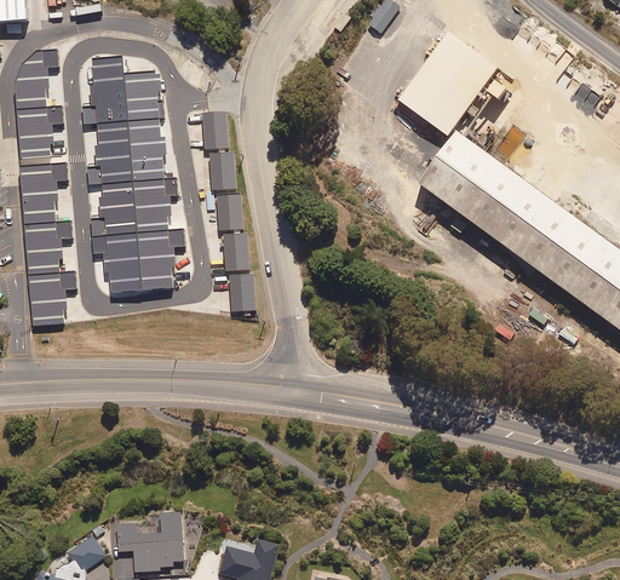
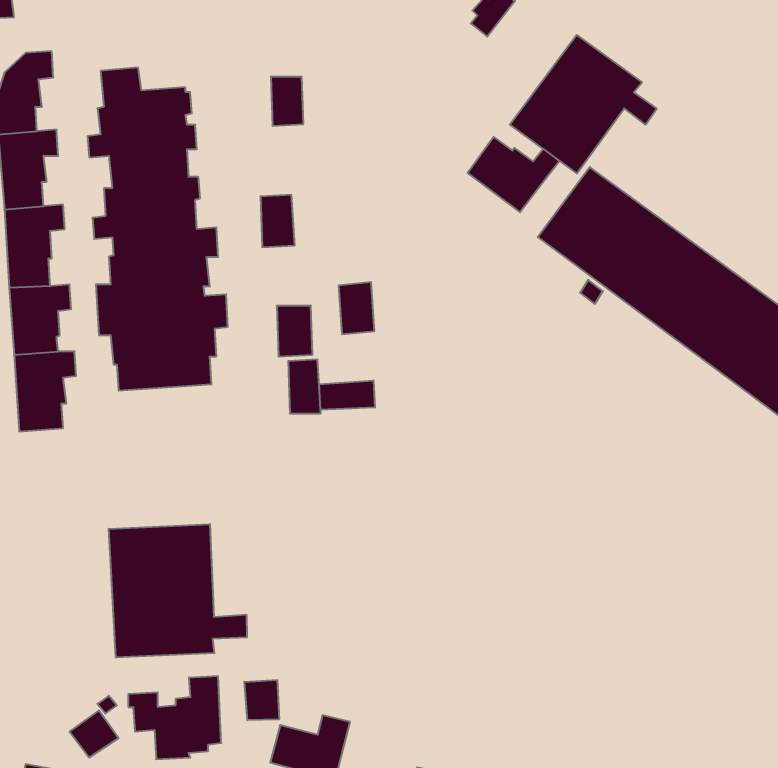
building: none -> [468,137,559,212]
building: [203,111,228,148] -> [271,77,303,126]
building: [217,193,243,231] -> [339,282,374,334]
building: none -> [319,380,375,410]
building: none -> [109,524,247,658]
building: none -> [244,680,279,720]

